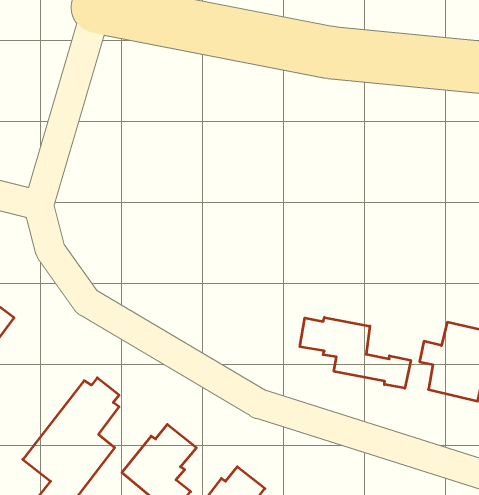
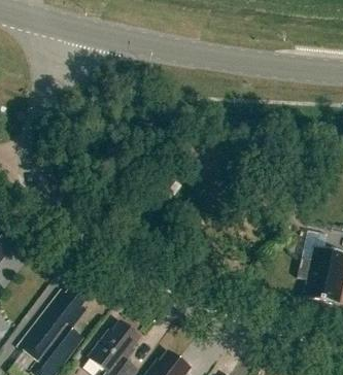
building: [300,317,411,388] -> none

